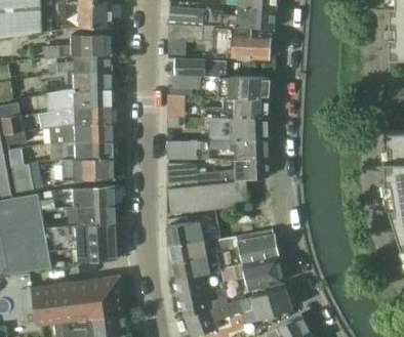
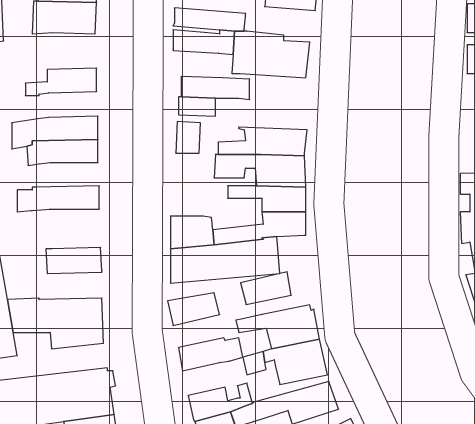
building: [221,6,275,29] -> none
building: [43,33,111,57] -> none
building: [68,70,112,89] -> none
building: [217,75,270,98] -> none
building: [48,123,113,144] -> none
building: [167,140,209,160] -> none
building: [62,158,114,179] -> none
building: [67,205,115,225] -> none
building: [168,237,206,261] -> [241,272,291,305]
building: [175,272,207,297] -> none

